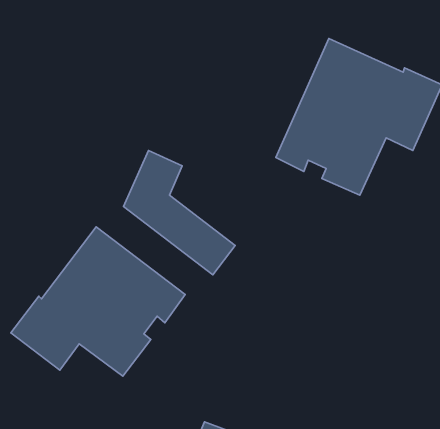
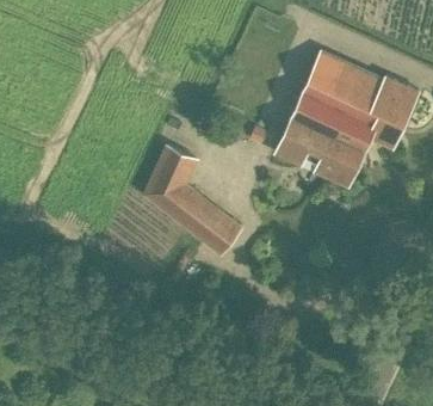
building: [11,227,185,376] -> none

